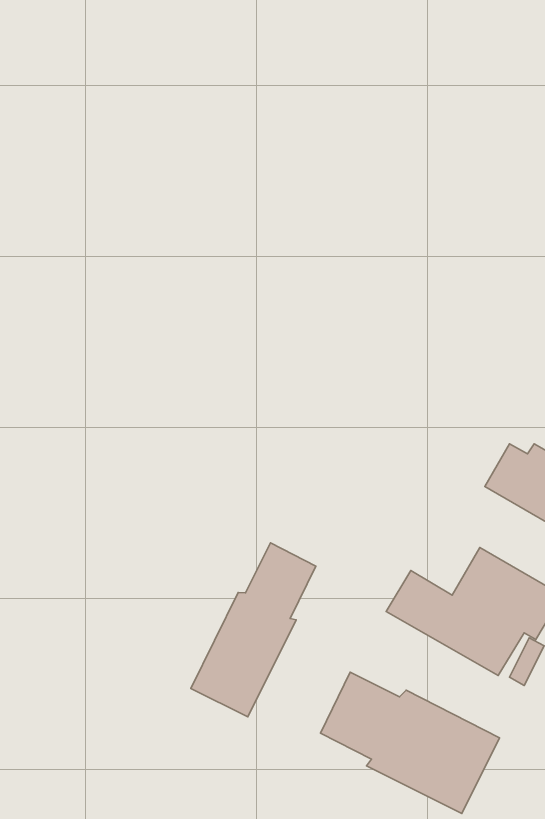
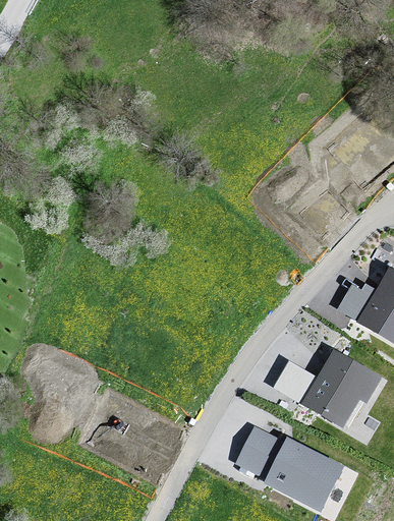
building: [191,543,316,717] -> none

